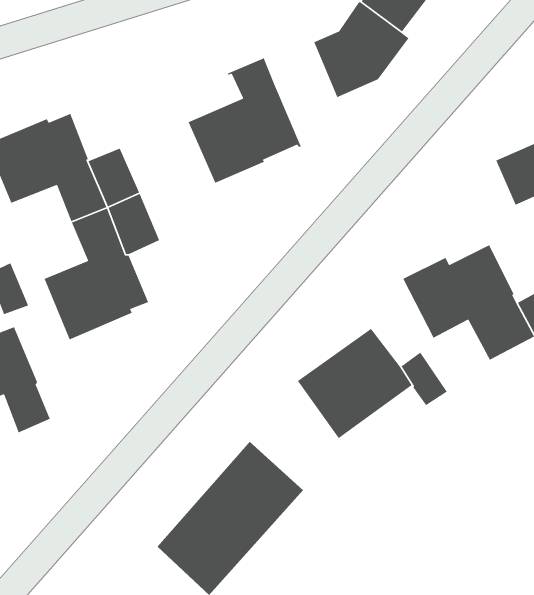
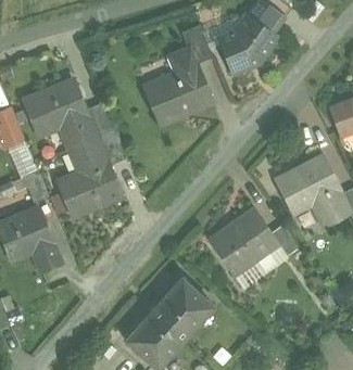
building: none -> [180,25,212,64]

